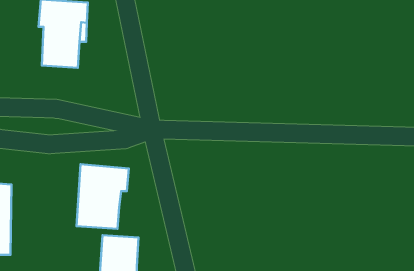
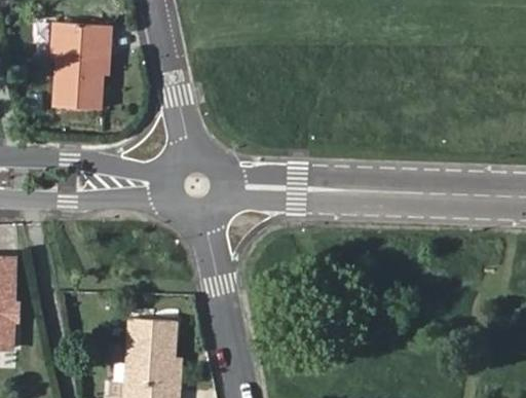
building: [76,164,129,229] -> none

